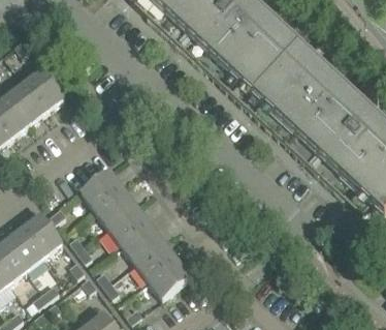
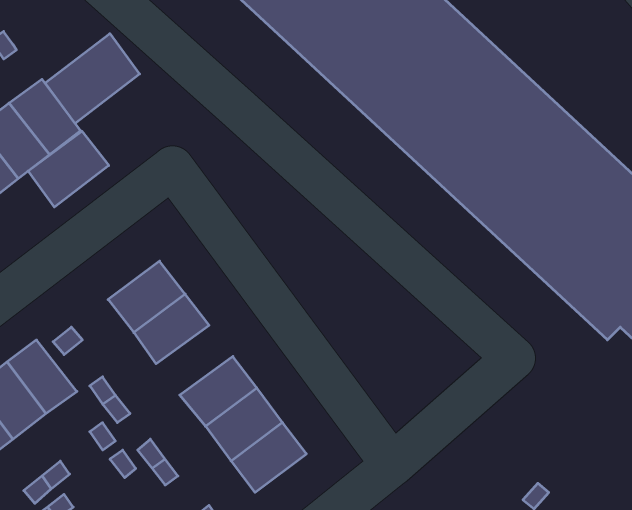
building: none -> [45,34,140,123]
building: none -> [28,131,109,207]
building: [109,203,153,242] -> none

